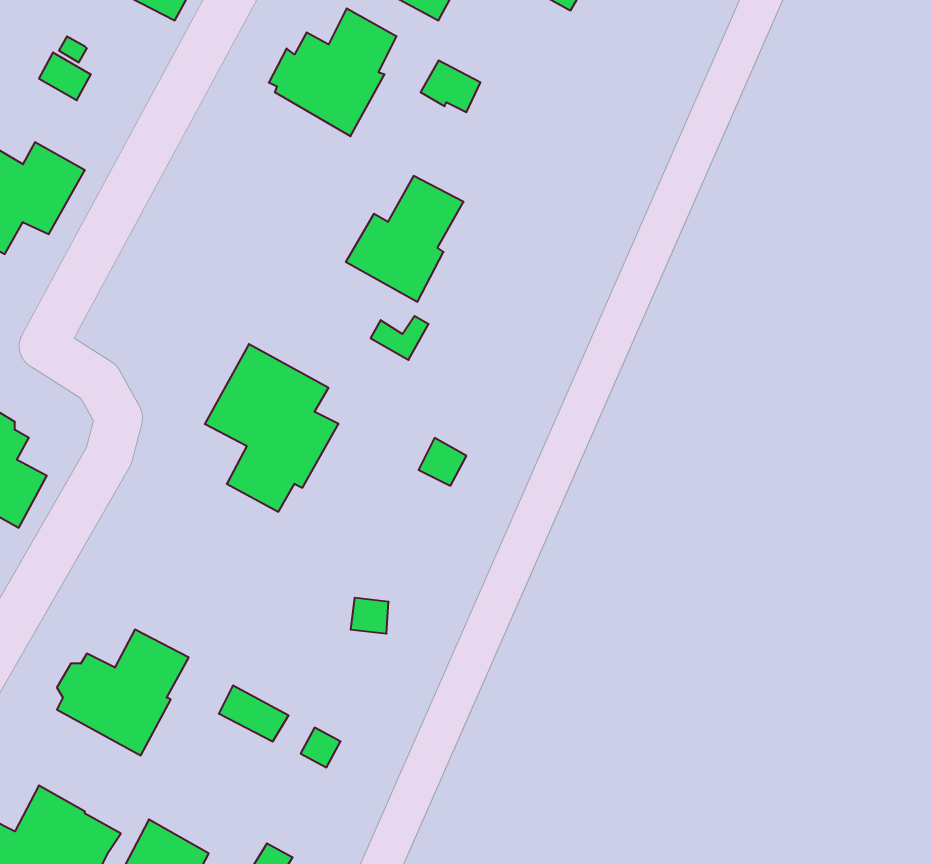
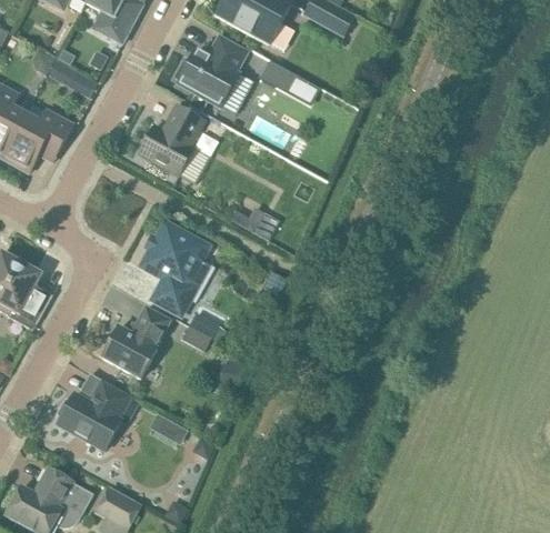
building: [346,176,464,302] -> [138,104,203,174]
building: none -> [101,306,169,378]
building: none -> [180,311,216,348]

